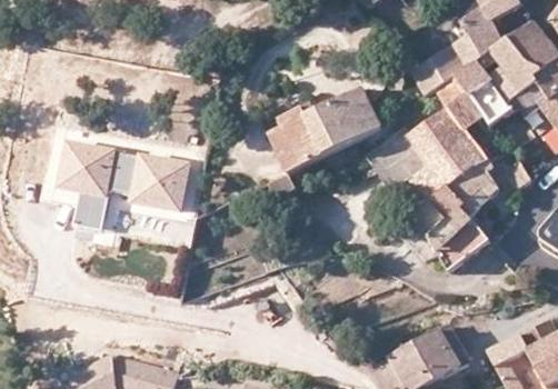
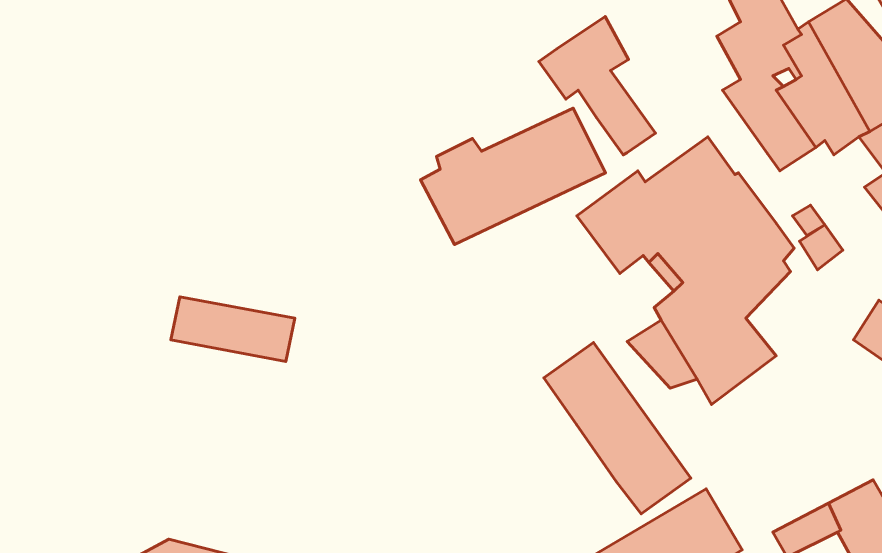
building: [411,42,484,128] -> [539,16,656,155]
building: [60,142,186,229] -> none
building: none -> [544,342,691,514]

